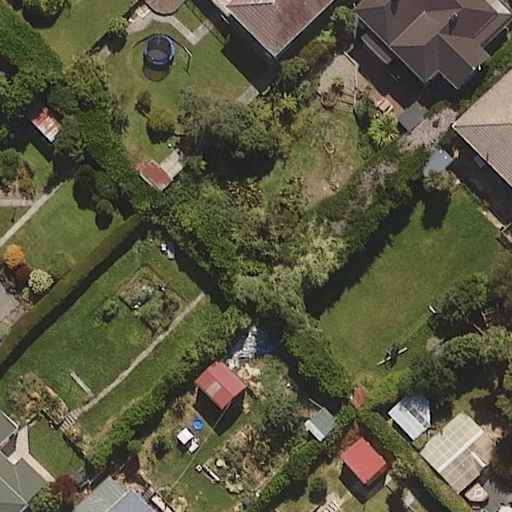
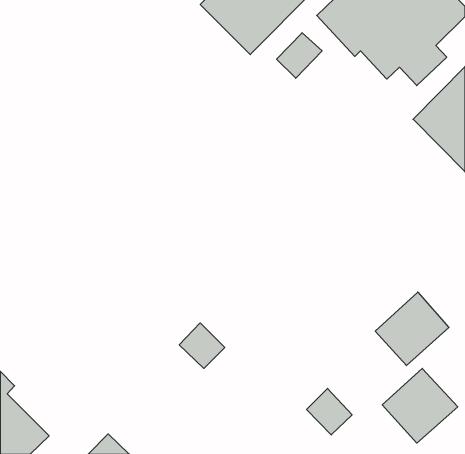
building: none -> [375,292,449,366]

